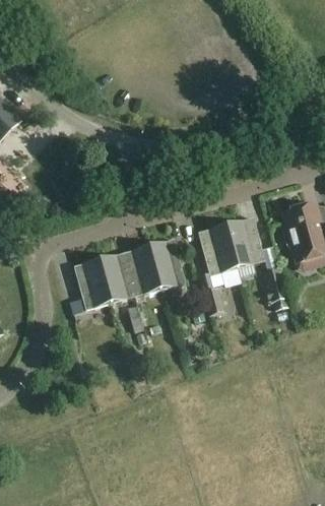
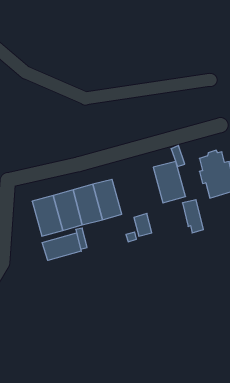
building: [196,226,236,277] -> none
building: none -> [42,233,81,260]

